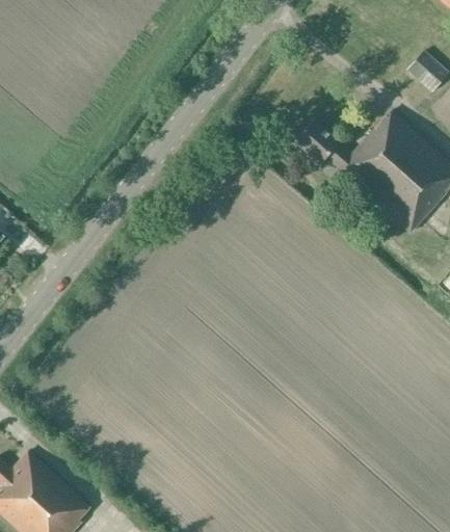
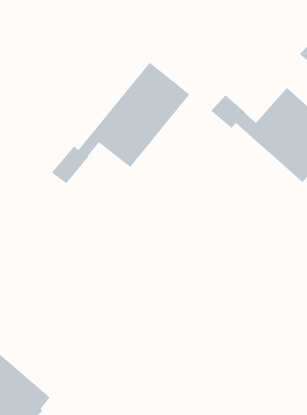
building: none -> [51,62,190,184]

